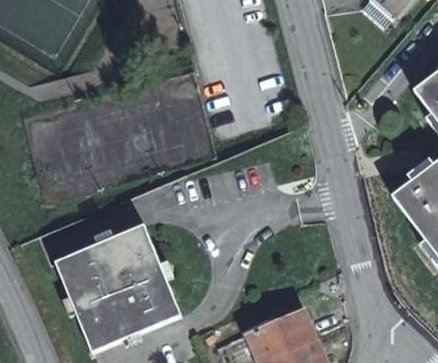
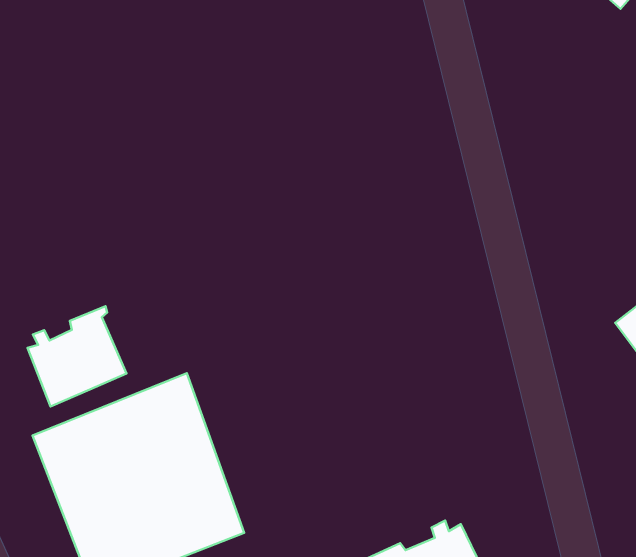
building: none -> [28,306,126,407]

